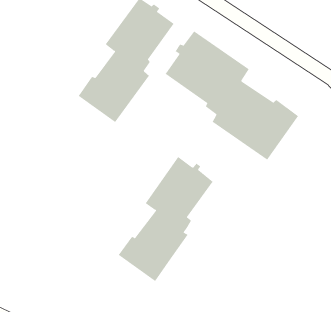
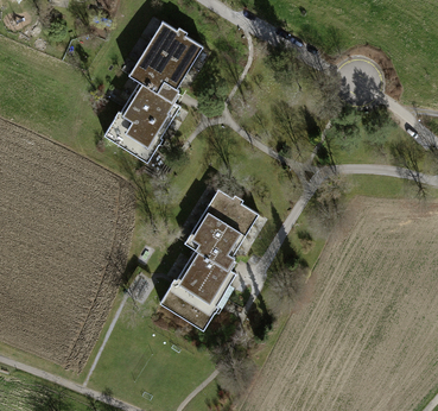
building: [165,30,299,161] -> none

